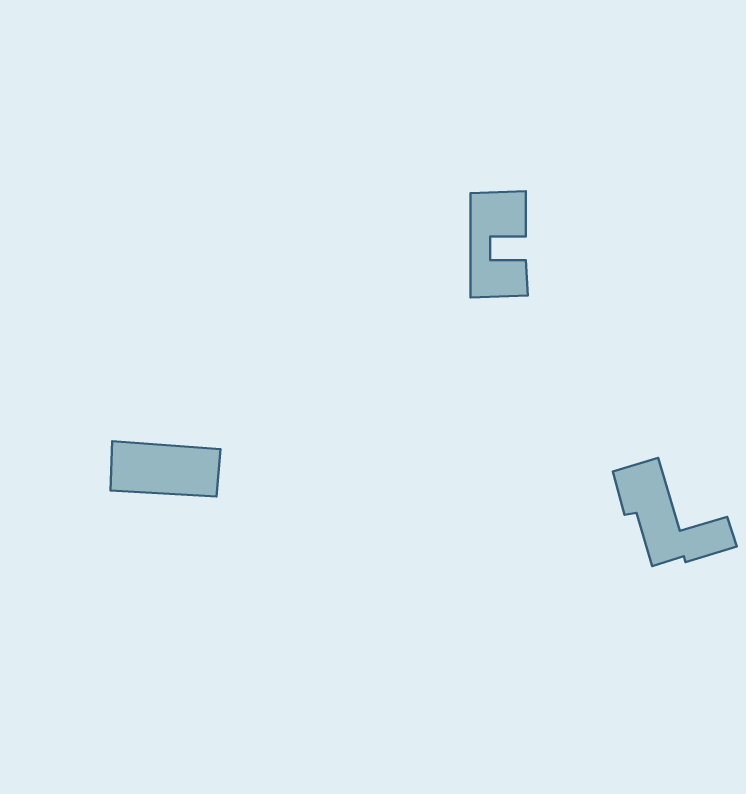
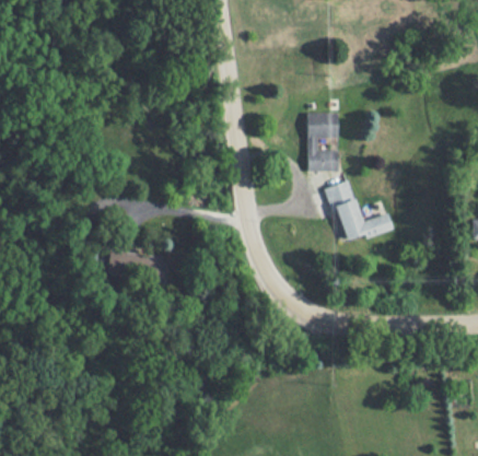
building: [613,458,737,566] -> [325,180,394,241]

